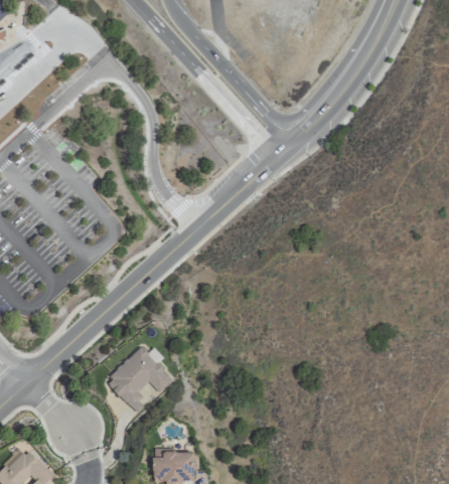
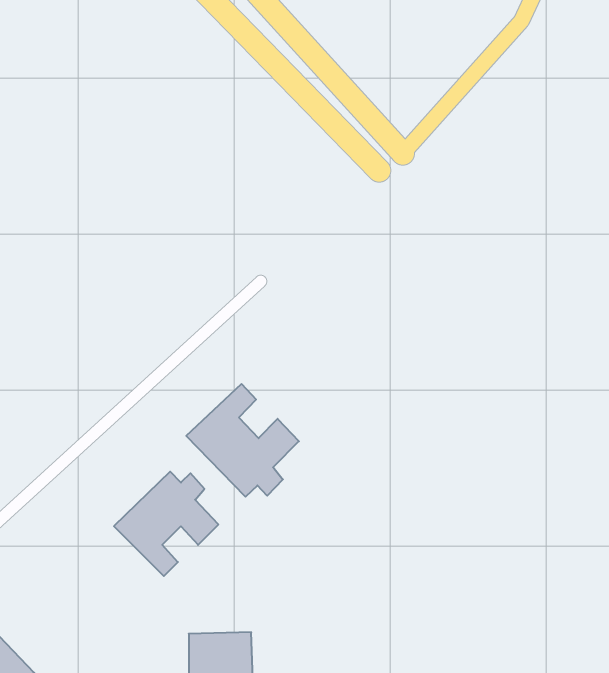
building: none -> [186,384,299,497]

